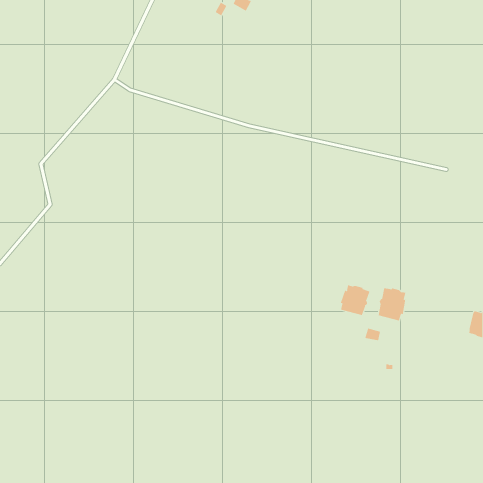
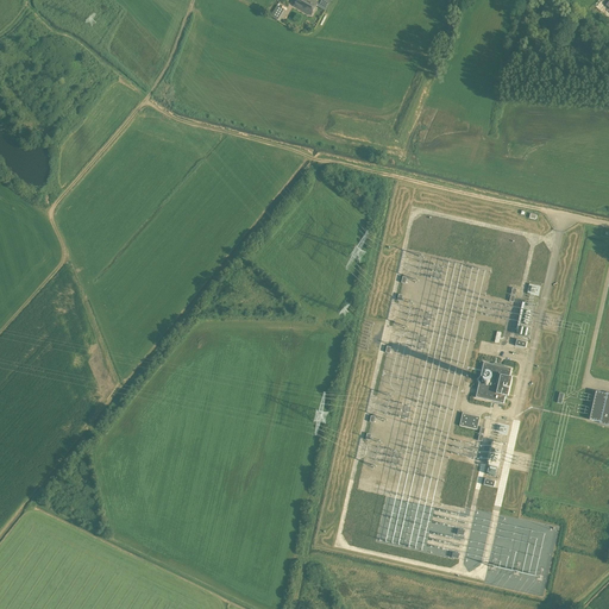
building: [340,284,370,316] -> none

